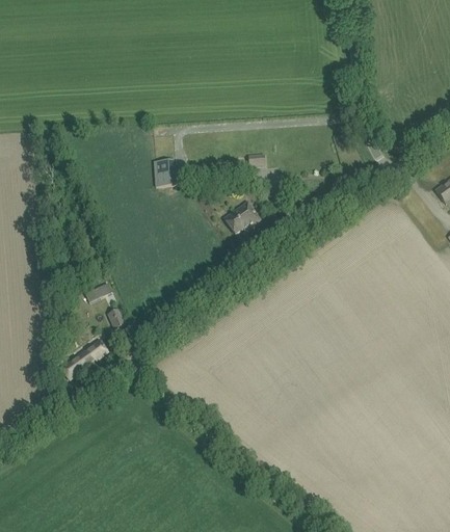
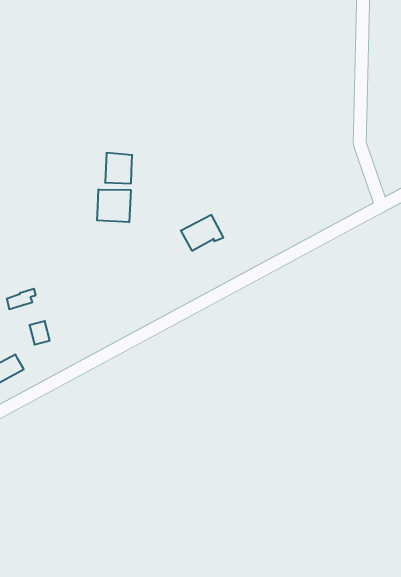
building: none -> [97,189,131,222]

